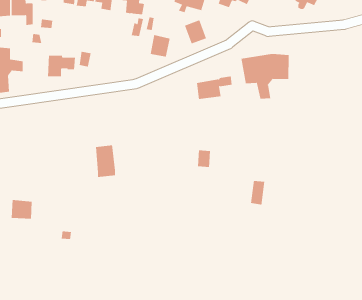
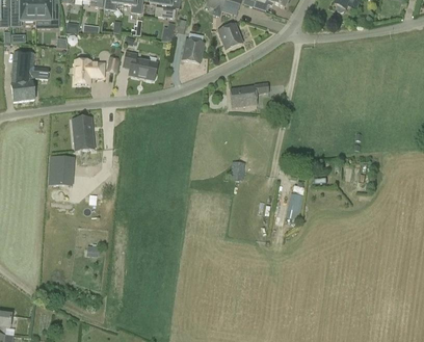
building: none -> [122,51,156,79]
building: [241,53,289,99] -> none
building: [95,145,116,177] -> [72,116,94,151]
building: [11,200,33,219] -> [49,163,72,184]

